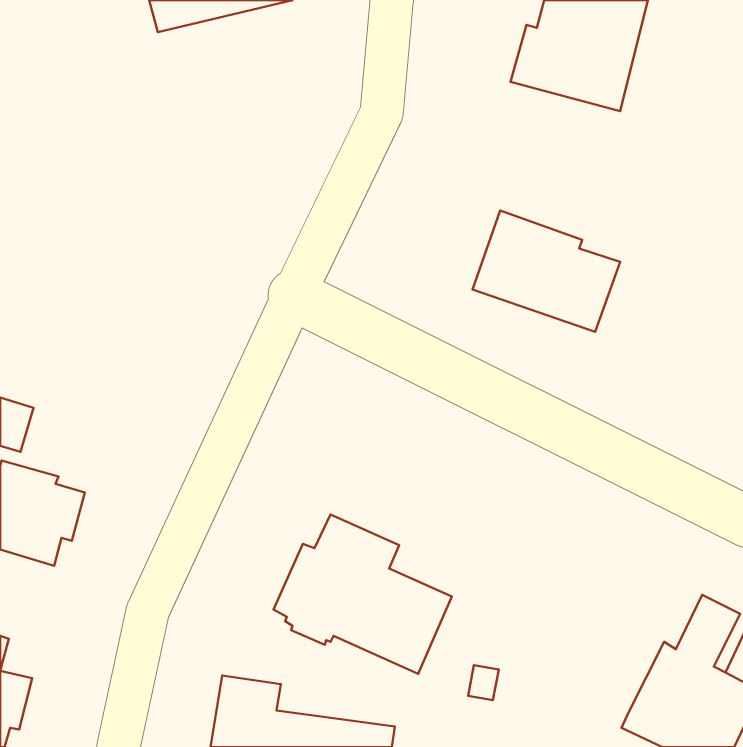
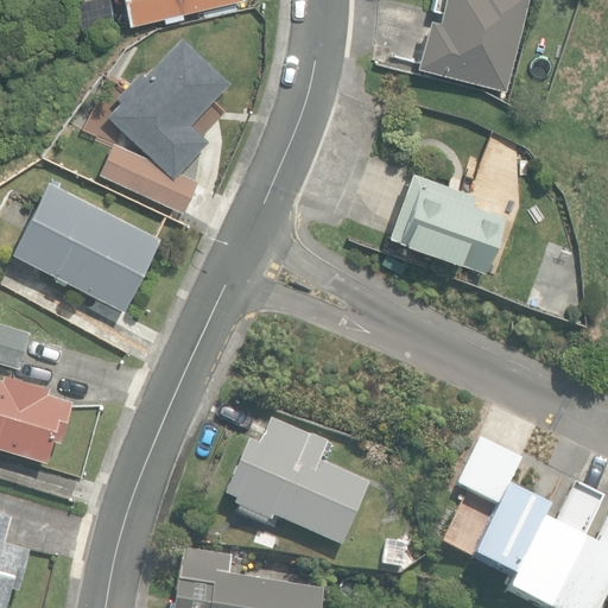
building: none -> [101,37,230,211]
building: none -> [13,180,162,309]
building: none -> [457,441,549,578]

